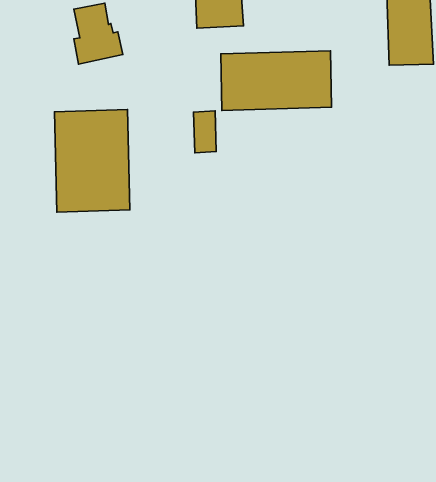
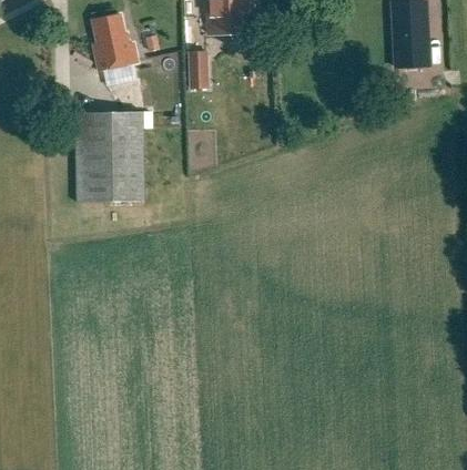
building: [221,51,332,110] -> none
building: [194,111,216,153] -> [187,50,209,89]

